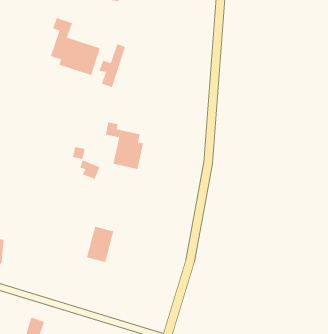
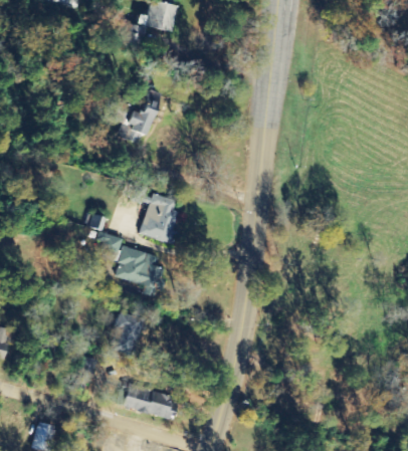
building: [50,17,101,76] -> none
building: none -> [117,246,166,295]
building: none -> [122,384,176,418]

